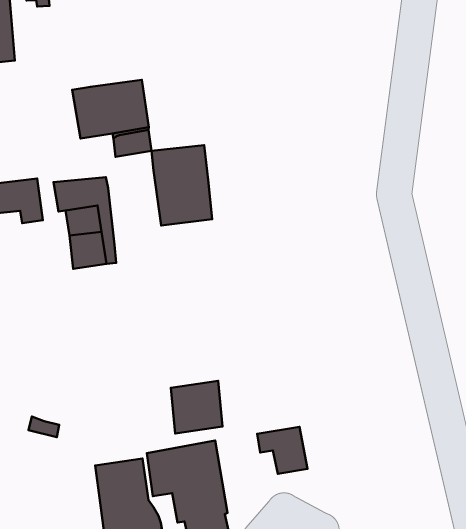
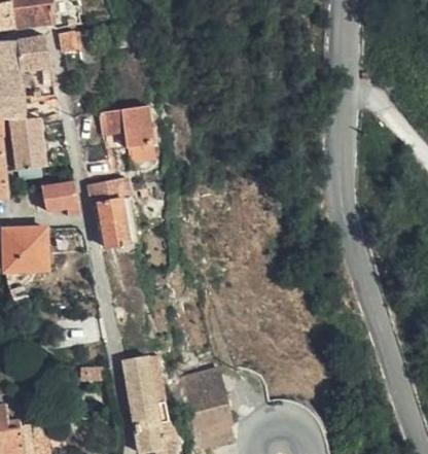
building: [152,145,212,226] -> none
building: [171,381,222,433] -> [123,353,164,394]
building: [257,427,308,474] -> none

